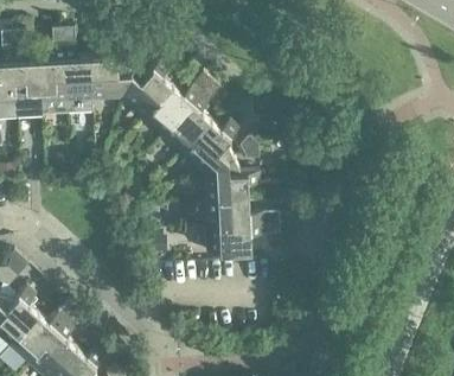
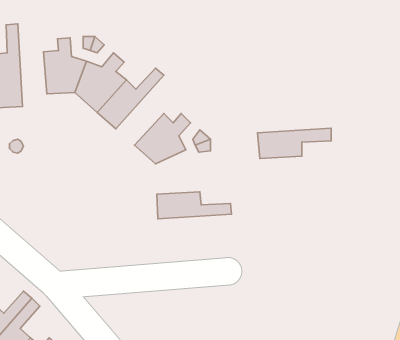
building: [63,28,92,114] -> none
building: [162,82,220,153] -> none
building: [203,158,260,203] -> none
building: [205,223,280,254] -> [257,128,331,158]

